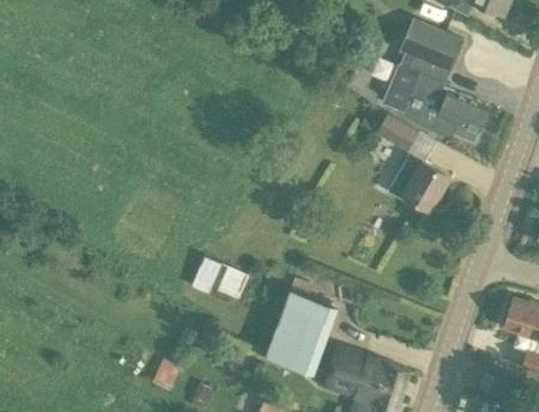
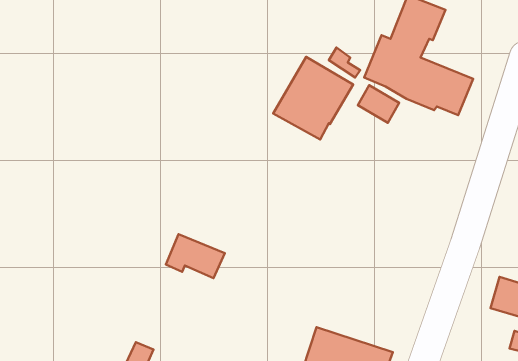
building: none -> [273,57,353,139]
building: [388,153,450,210] -> none
building: [267,290,330,372] -> none

